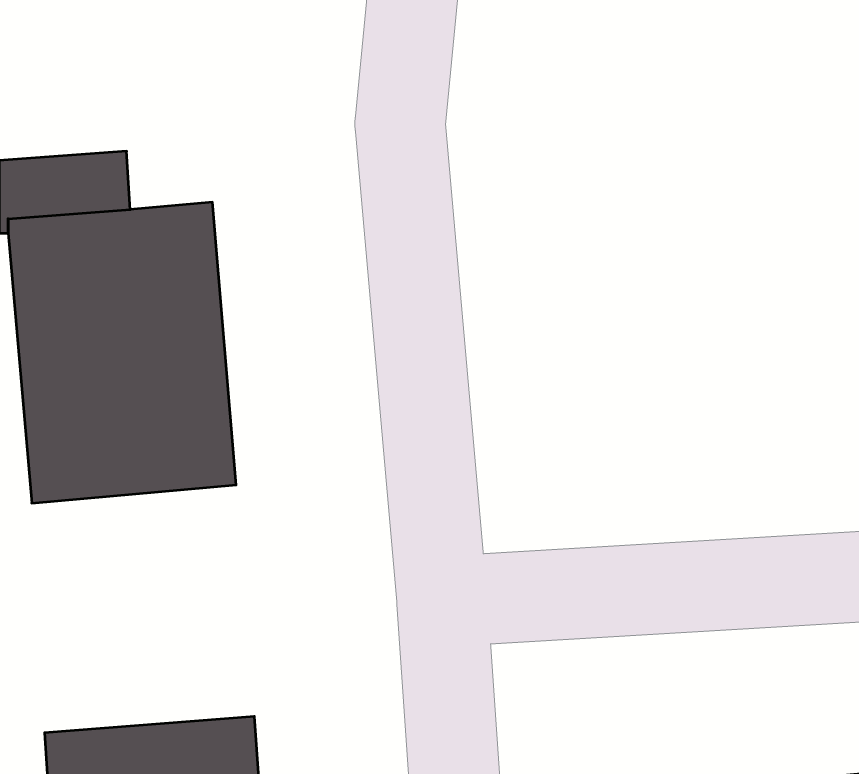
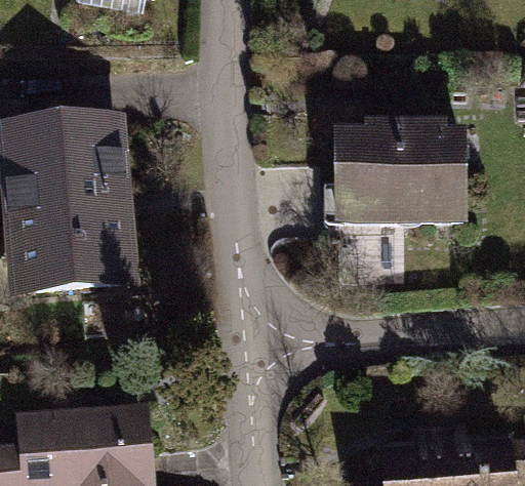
building: none -> [340,134,465,227]

